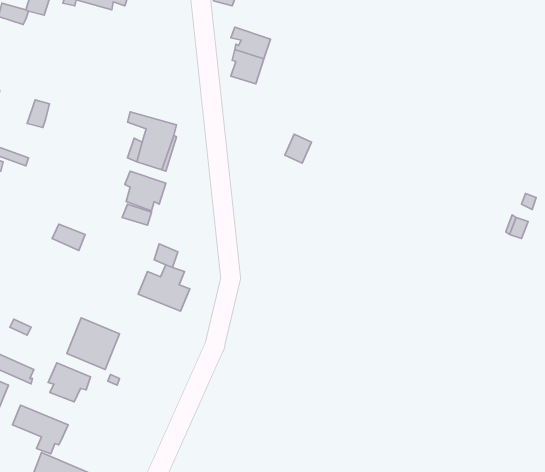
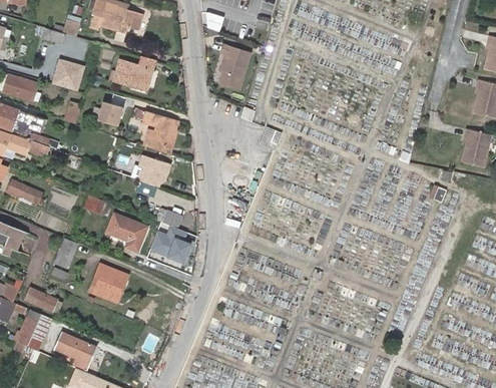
building: none -> [113,55,155,86]
building: none -> [50,58,85,91]
building: none -> [96,101,123,127]
building: none -> [106,213,146,251]
building: none -> [51,236,76,267]
building: [48,363,91,402] -> none

